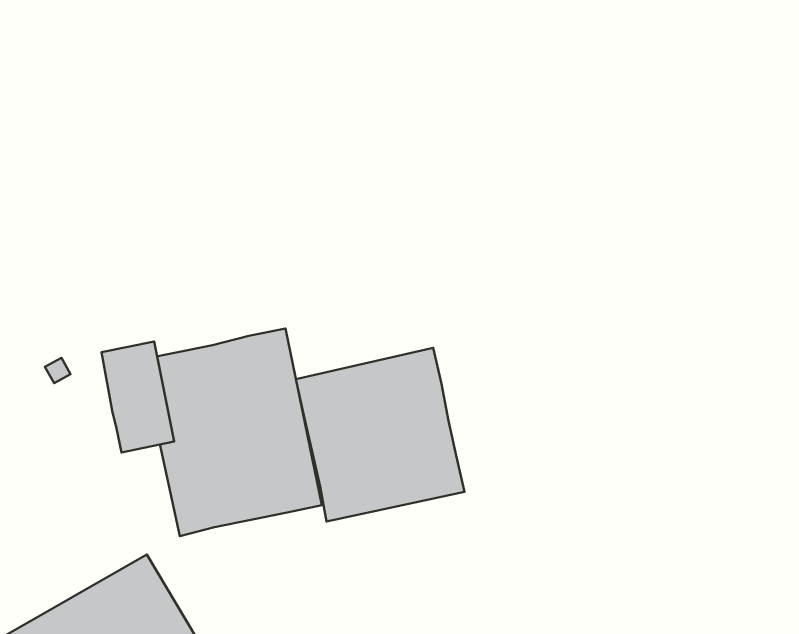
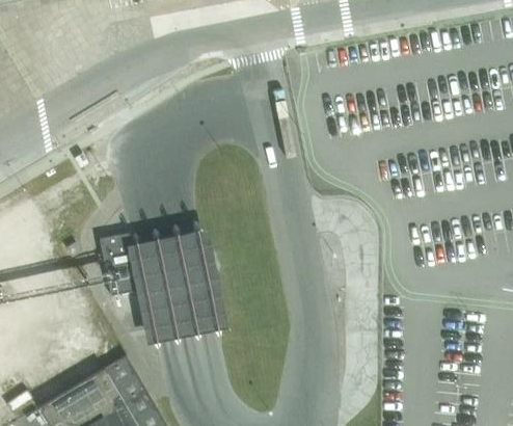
building: [296,348,465,522] -> none

